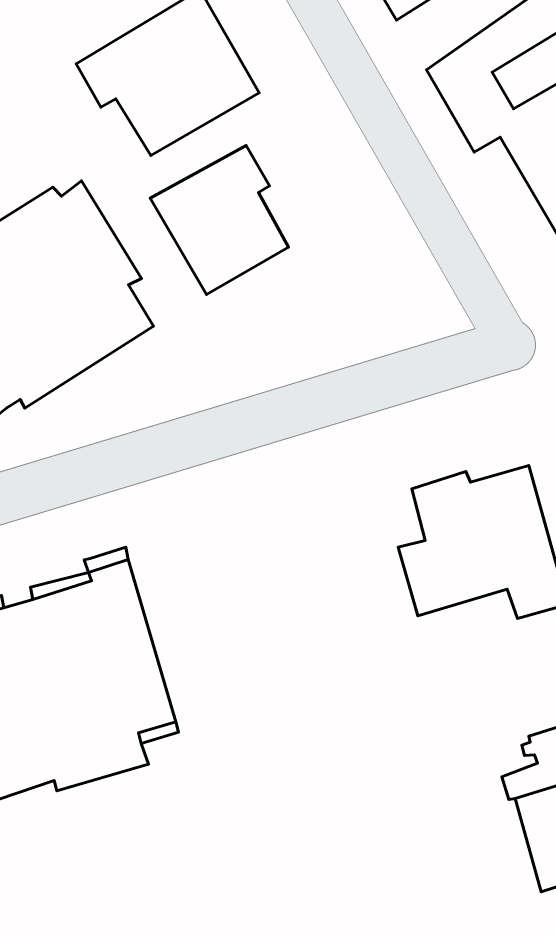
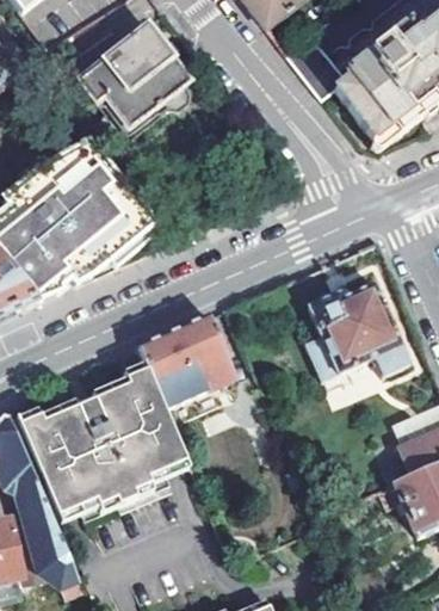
building: [150,146,288,295] -> none
building: none -> [137,310,252,407]

